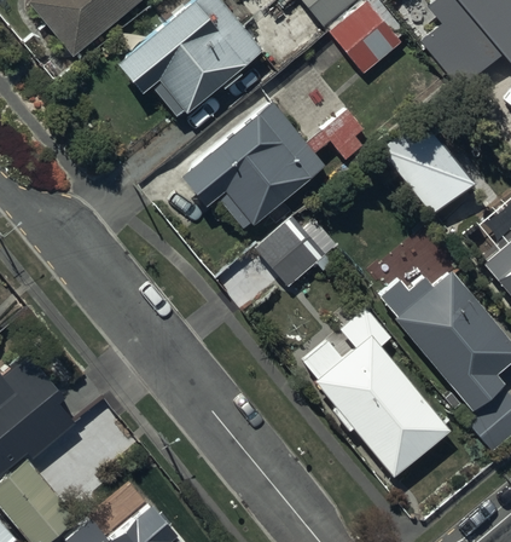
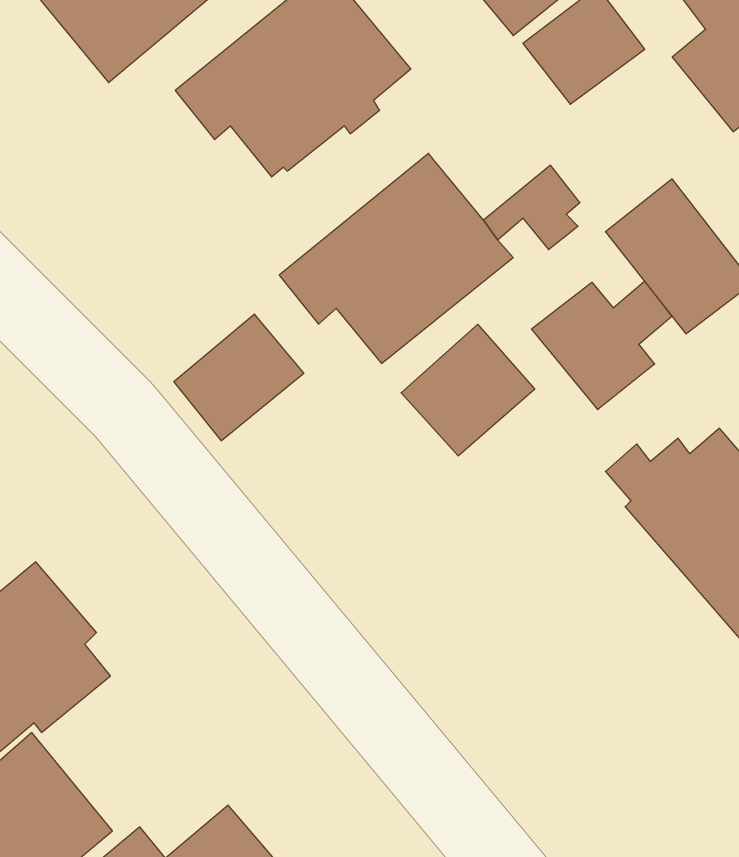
building: none -> [532,281,672,410]
building: none -> [174,314,304,441]
building: [314,307,451,474] -> none

